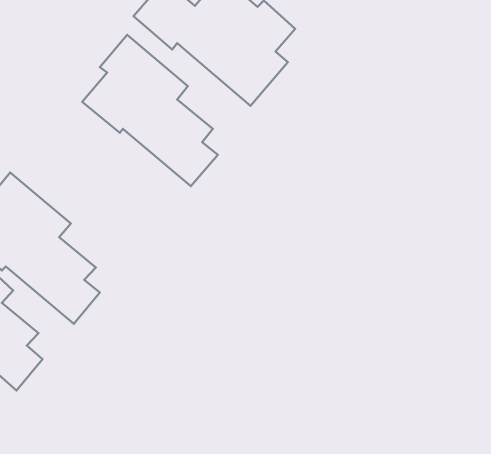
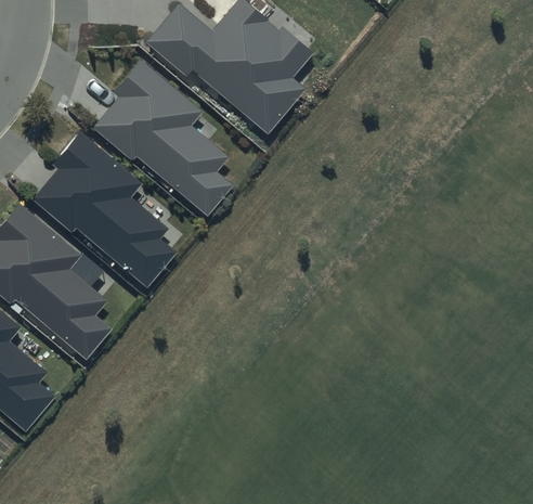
building: none -> [35,130,176,287]

